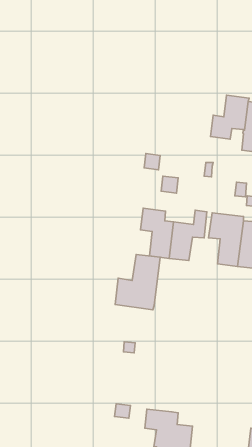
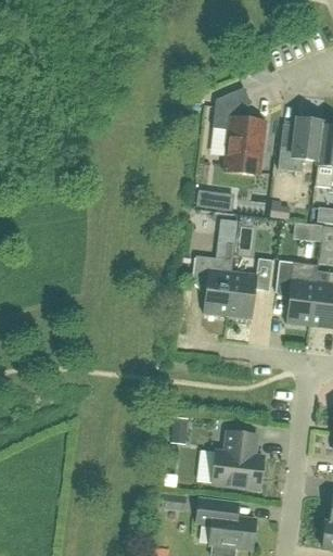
building: none -> [213,87,267,175]
building: [115,254,160,310] -> none
building: none -> [213,431,264,489]

